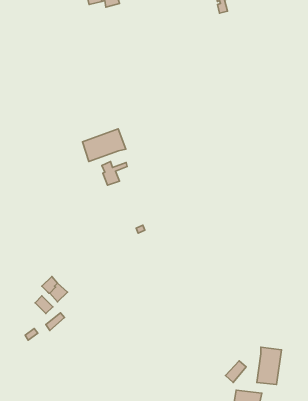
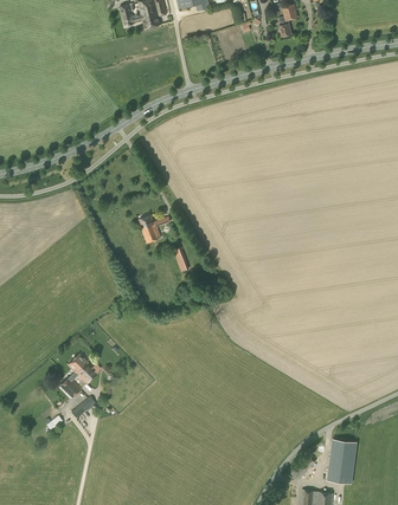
building: [83,129,126,161] -> none

